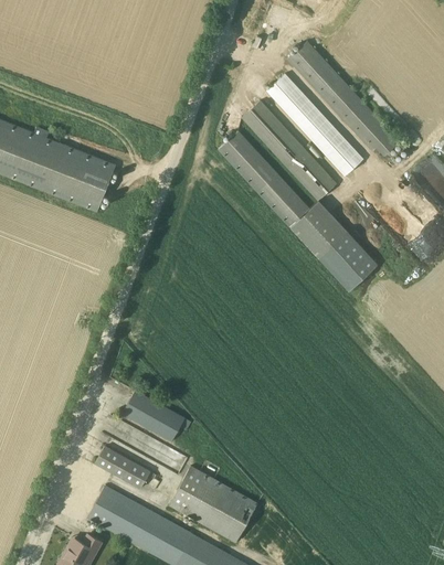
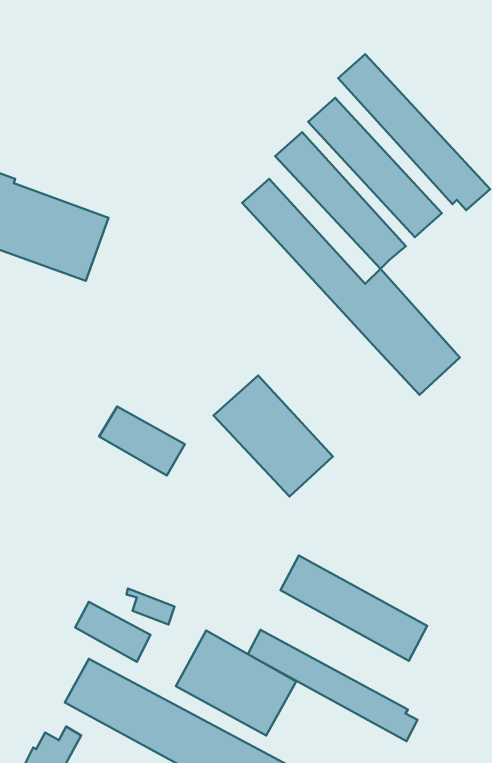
building: none -> [213,375,333,497]
building: [123,392,186,443] -> [99,406,185,476]
building: none -> [281,555,427,661]
building: none -> [248,630,418,741]

